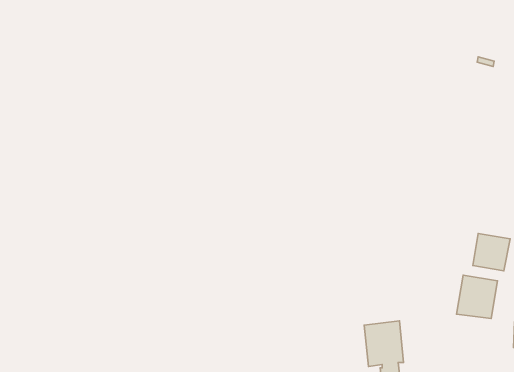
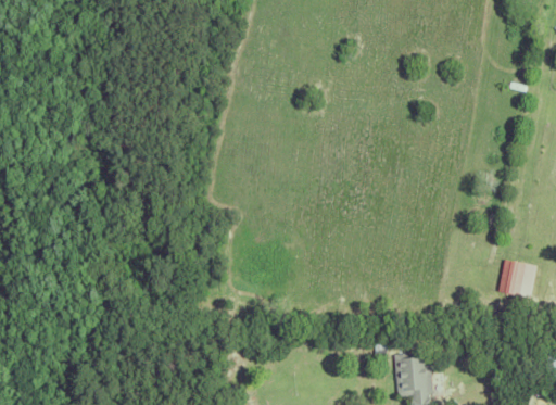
building: [457,275,497,319] -> none

